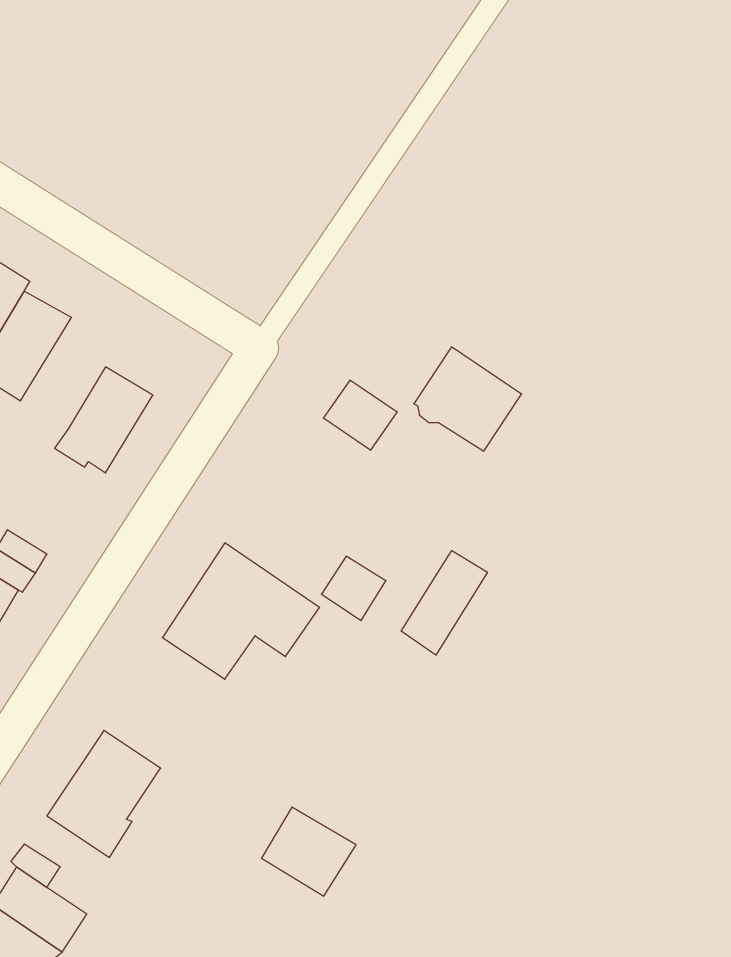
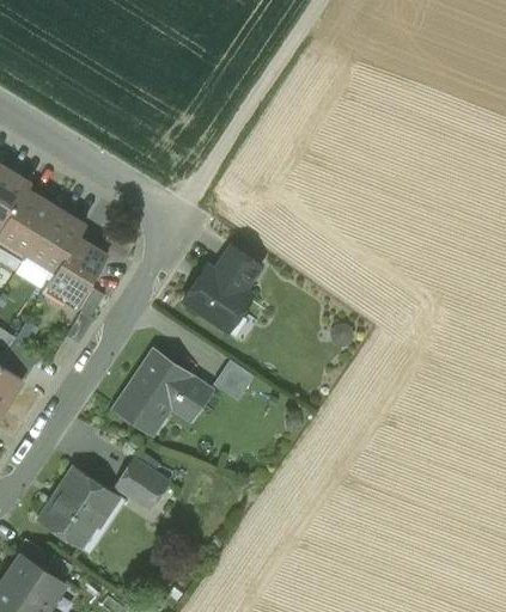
building: none -> [23,207,84,277]
building: [414,347,522,451] -> [183,265,251,331]
building: [401,551,487,655] -> none
building: [261,807,356,896] -> [111,454,171,510]

